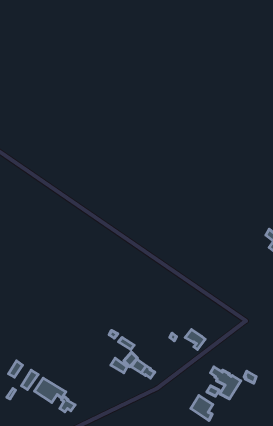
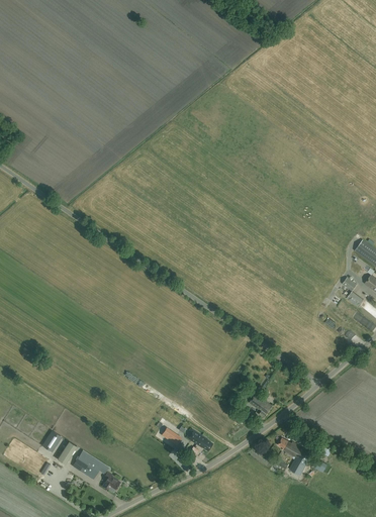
building: [191,396,213,420] -> none

